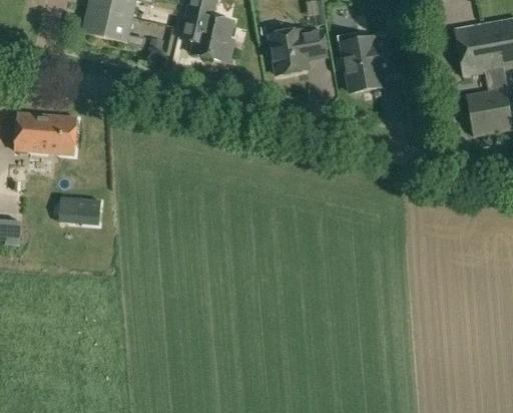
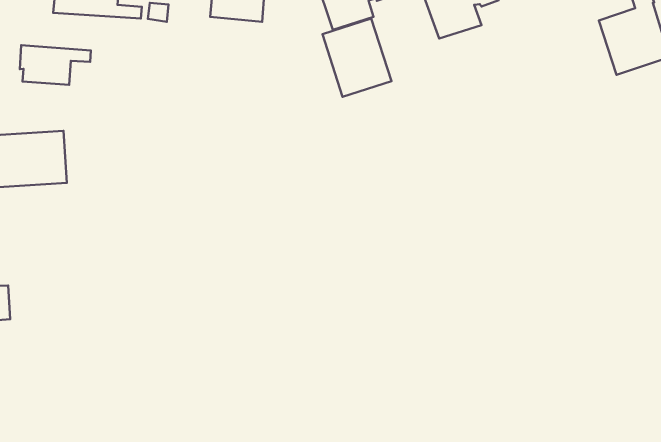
building: none -> [20,45,91,85]
building: none -> [322,19,391,97]
building: [56,195,99,225] -> none

